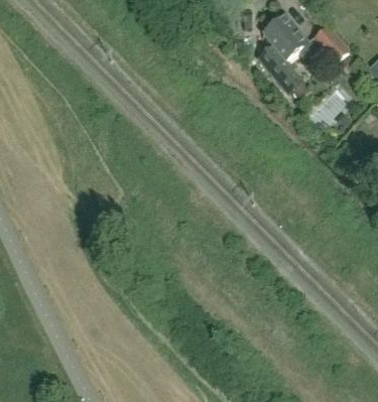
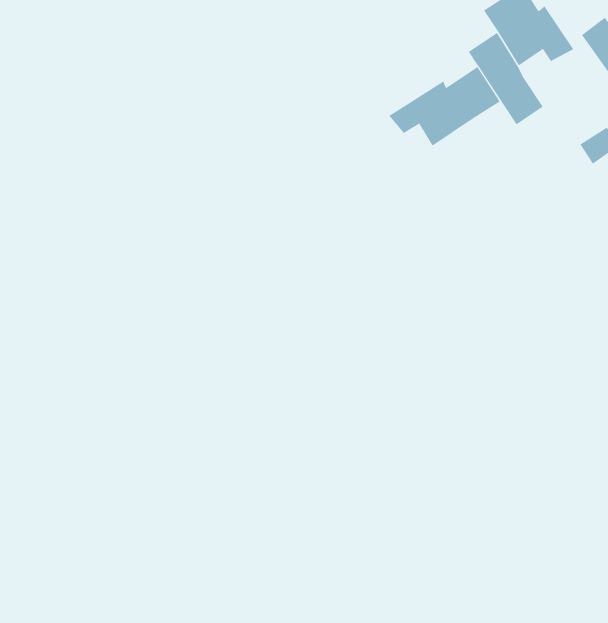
building: none -> [389,66,500,146]

